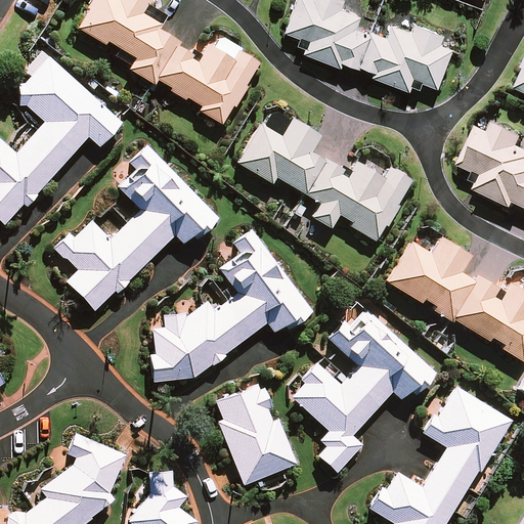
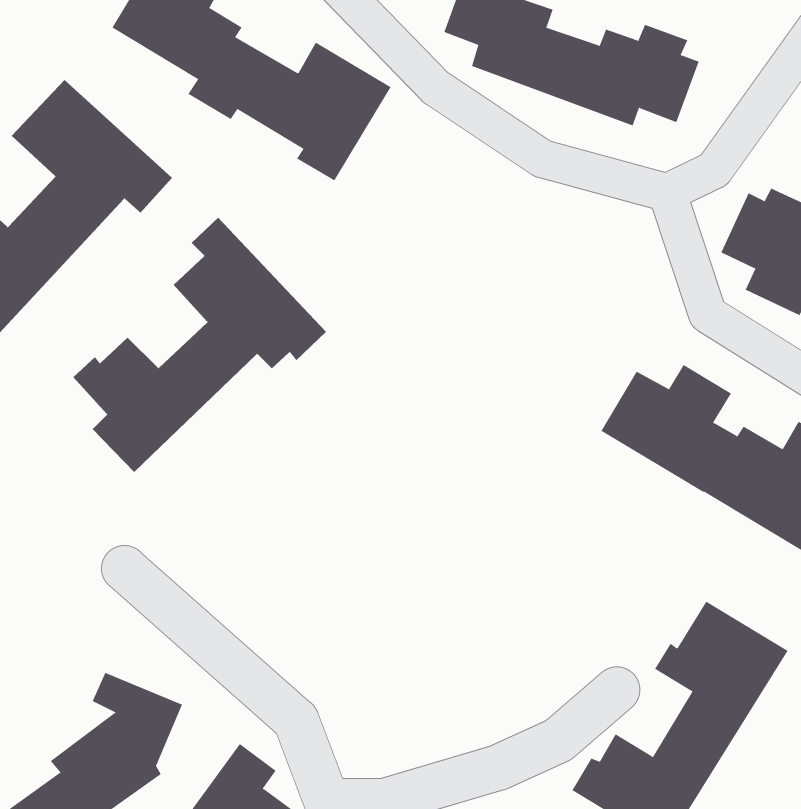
building: [238,120,411,238] -> none
building: [152,231,311,381] -> none
building: [294,305,434,470] -> none
building: [218,383,294,482] -> none

